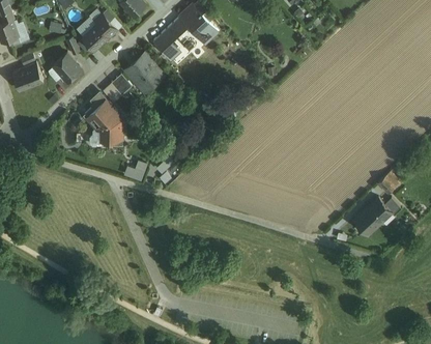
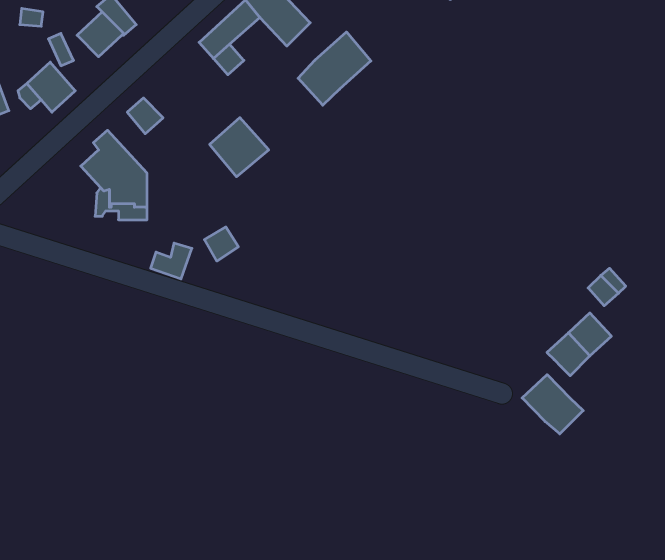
building: none -> [298,32,371,105]
building: [126,56,161,90] -> [210,118,269,177]
building: none -> [522,375,583,434]

